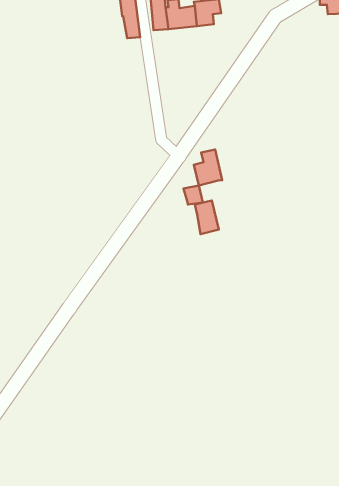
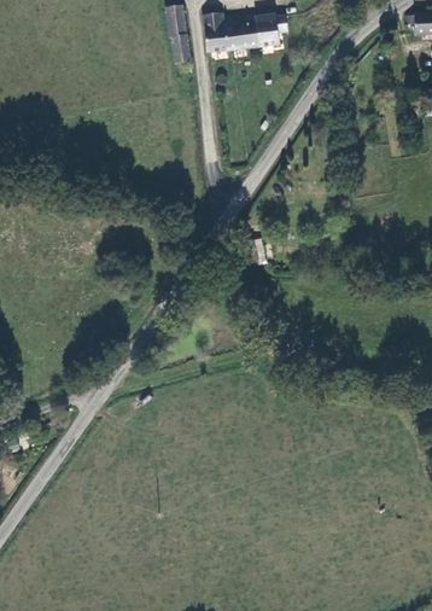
building: [194,150,222,185] -> none
building: [195,200,219,234] -> none

